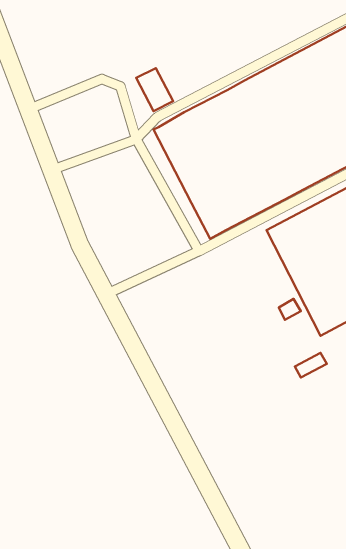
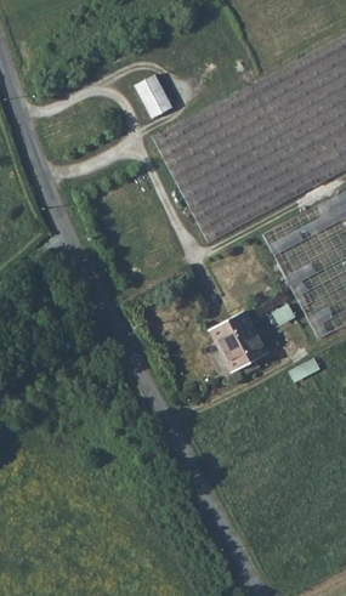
building: none -> [209,312,266,373]

